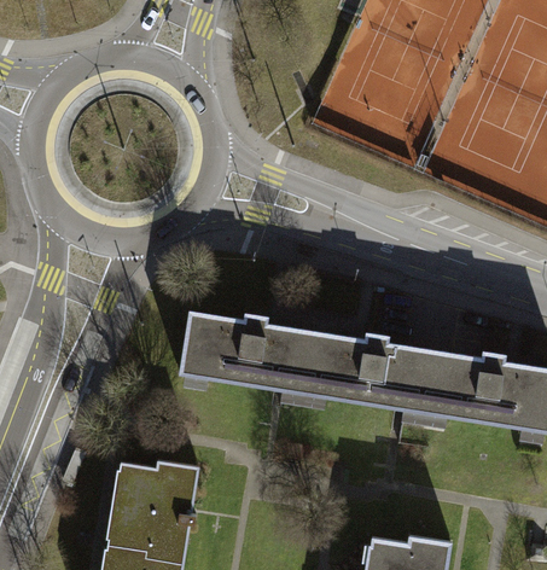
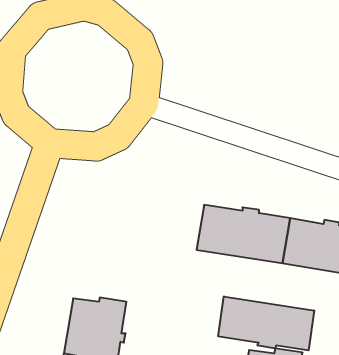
building: [174,312,309,396] -> none
building: none -> [218,296,314,350]

